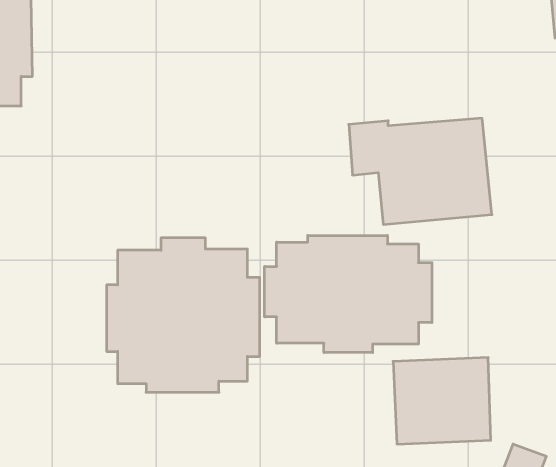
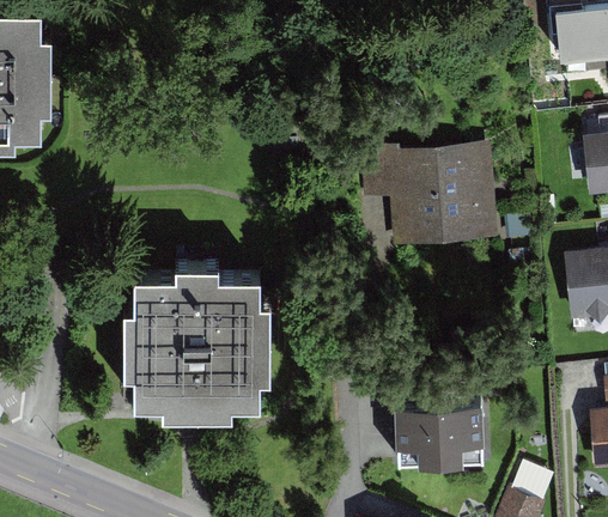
building: [265,235,432,353] -> none

